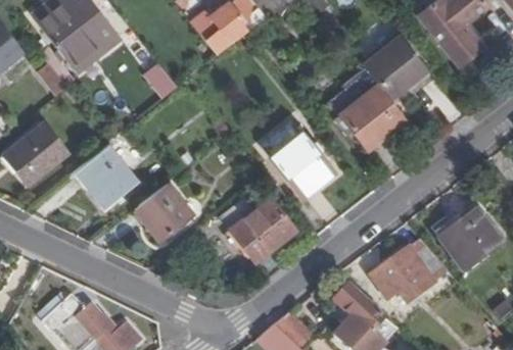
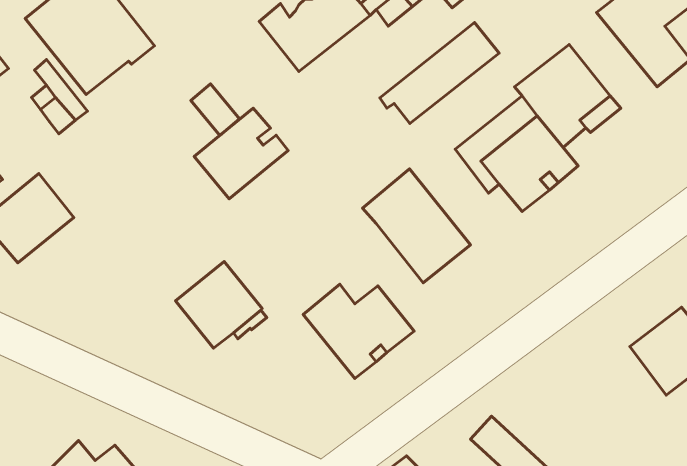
building: none -> [380,22,499,124]
building: none -> [194,108,288,199]
building: [75,145,136,207] -> none
building: [370,238,449,303] -> none

